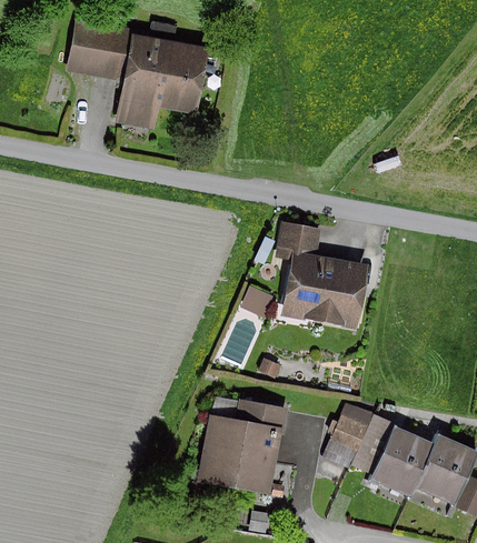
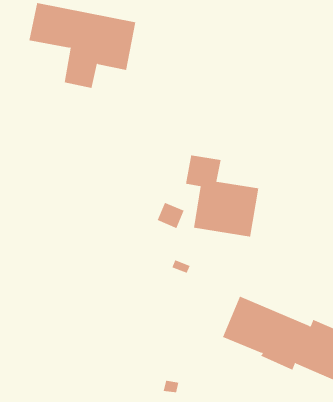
building: [198,400,291,492] -> none

